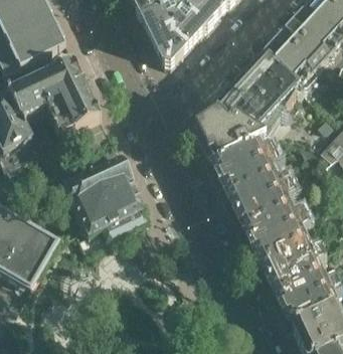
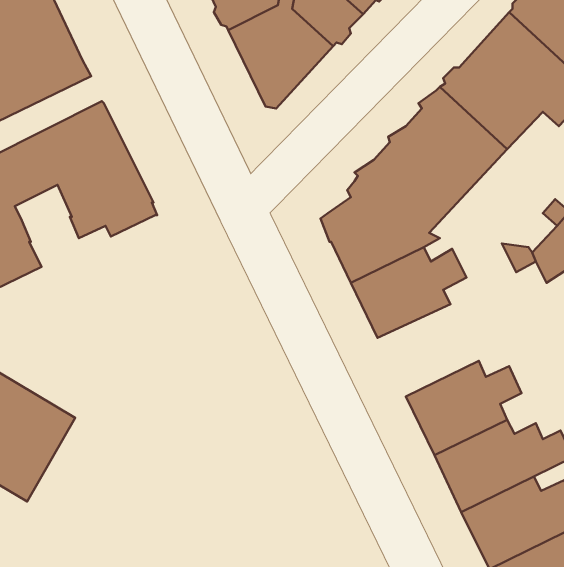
building: [64,154,149,247] -> none
building: [228,172,299,224] -> none

